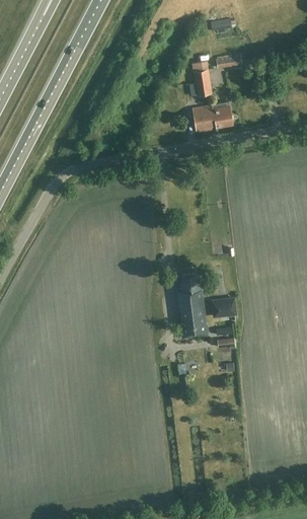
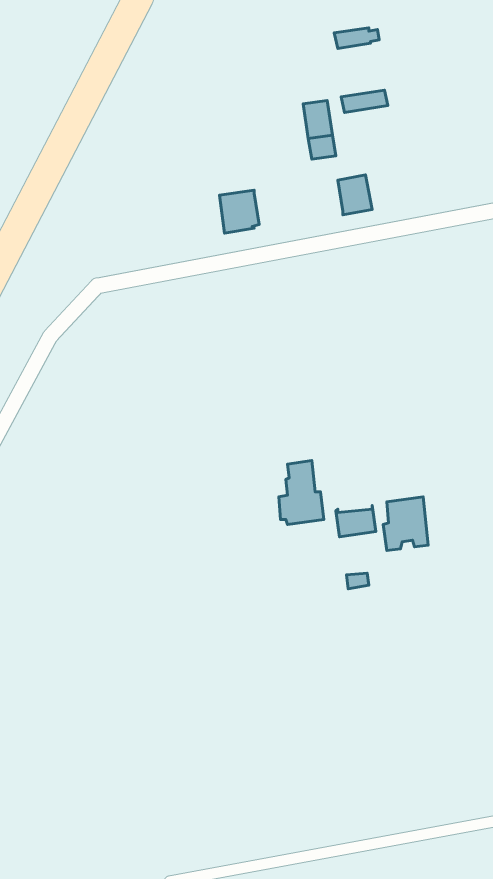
building: [193,105,216,131] -> [219,190,259,233]
building: [181,306,208,338] -> [383,497,428,550]

